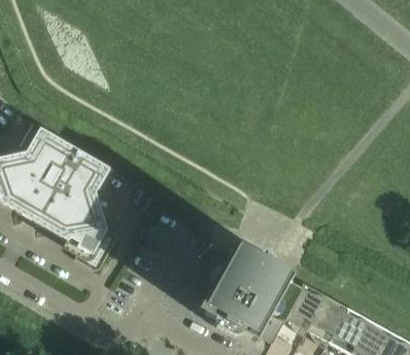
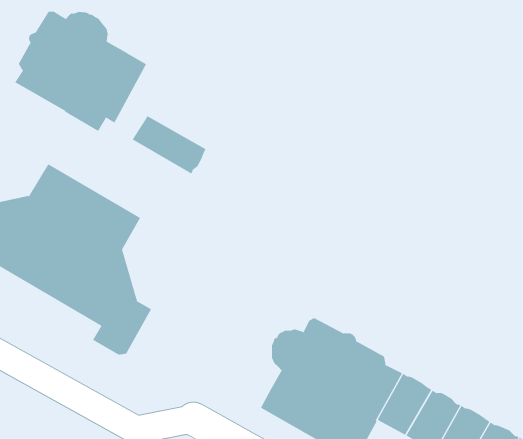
building: none -> [15,11,147,132]
building: none -> [132,115,206,175]

